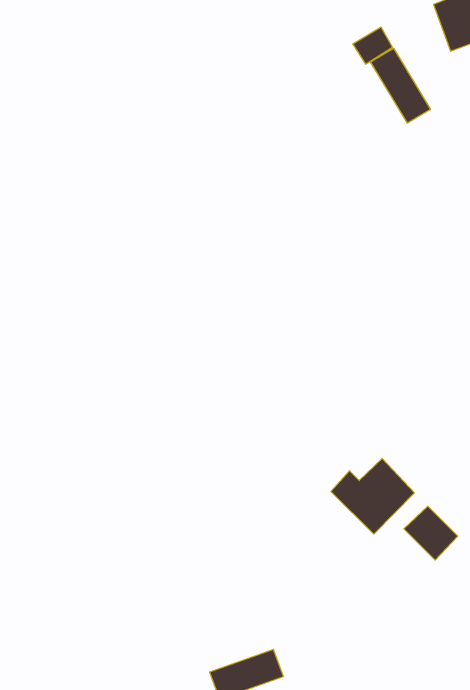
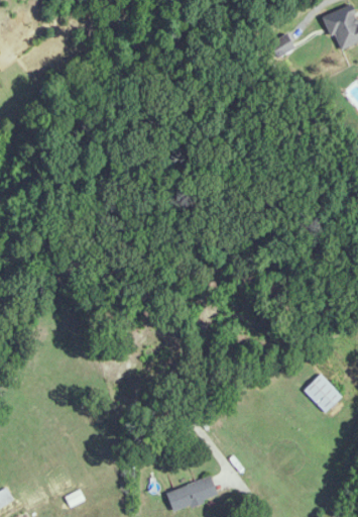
building: [371,48,430,123] -> none
building: [331,458,414,534] -> none

